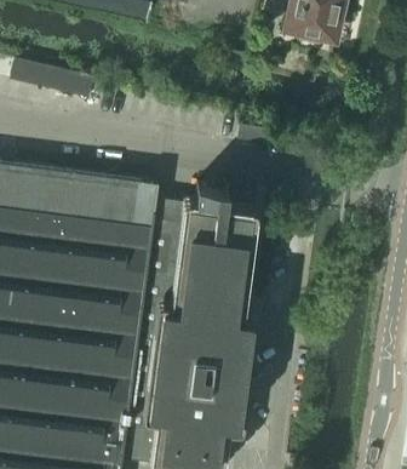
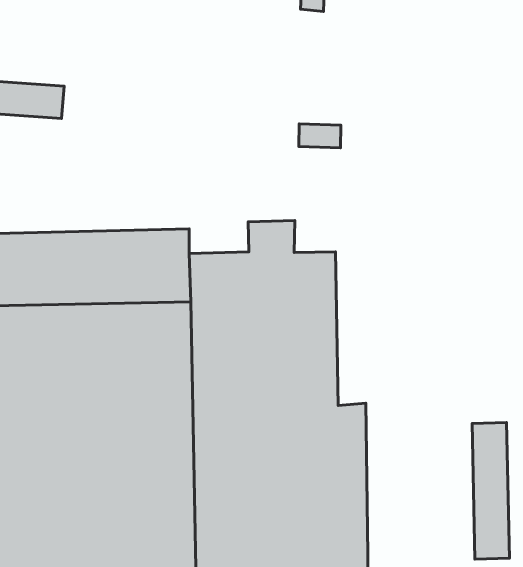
building: none -> [472,422,509,559]

